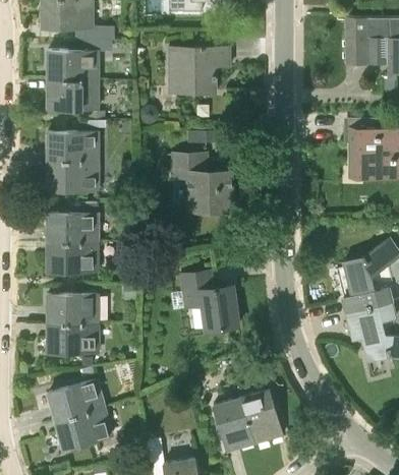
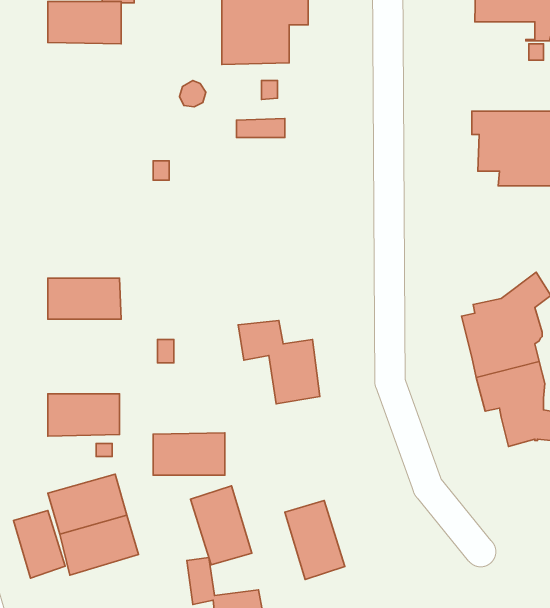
building: [47,79,99,109] -> none
building: [48,132,99,190] -> none
building: [174,155,231,211] -> none
building: [48,213,98,243] -> none
building: [48,294,98,323] -> [153,433,225,475]
building: [240,389,283,443] -> [191,486,252,565]
building: none -> [14,510,65,578]

